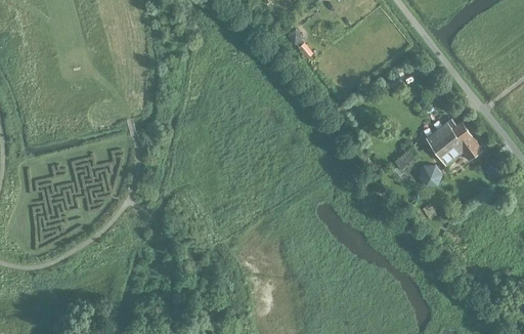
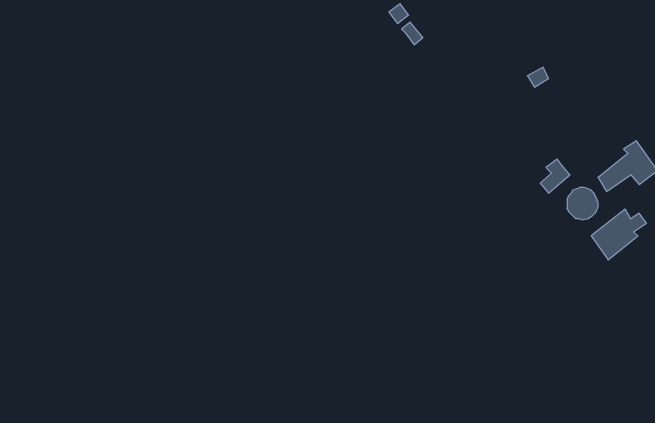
building: [427,118,467,155] -> [591,209,646,260]

